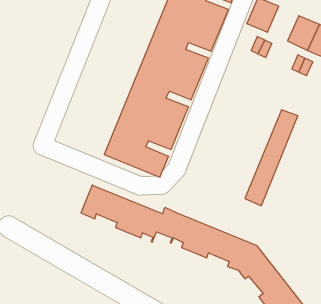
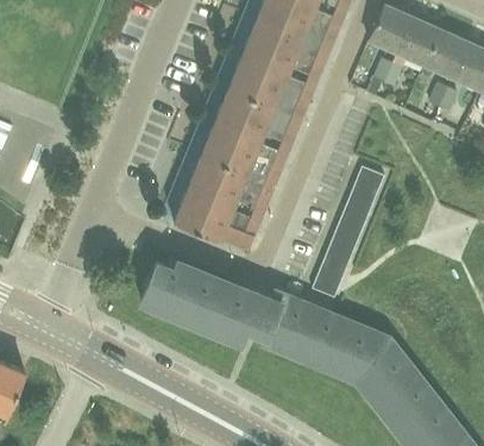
building: none -> [396,17,439,64]
building: [245,110,298,205] -> [312,167,384,297]

